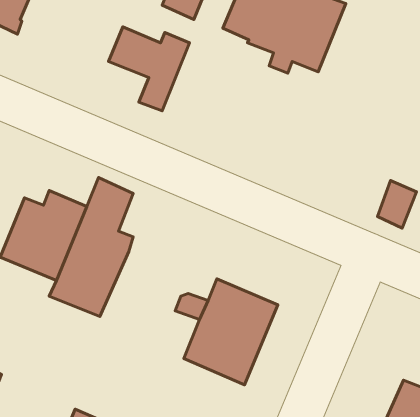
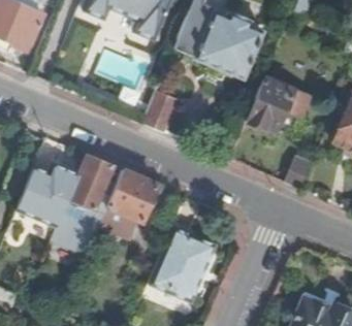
building: none -> [246,77,310,130]
building: none -> [145,85,179,131]
building: none -> [108,169,157,221]

